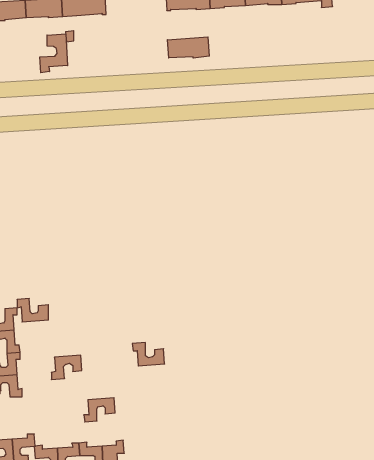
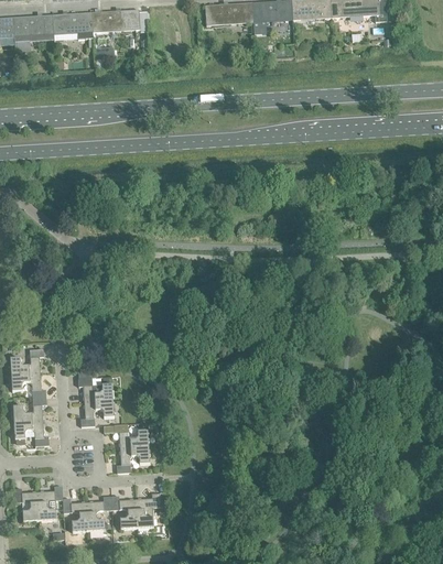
building: [40,34,68,73] -> none
building: [167,37,209,58] -> none
building: [17,299,48,322] -> [78,378,112,403]
building: [132,343,165,366] -> [114,424,149,449]

